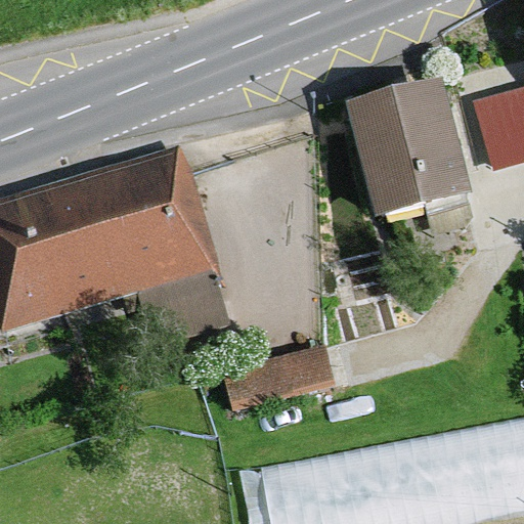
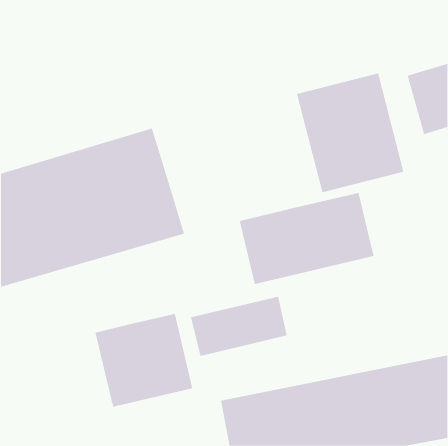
building: none -> [239,192,374,285]
building: none -> [95,313,193,408]

